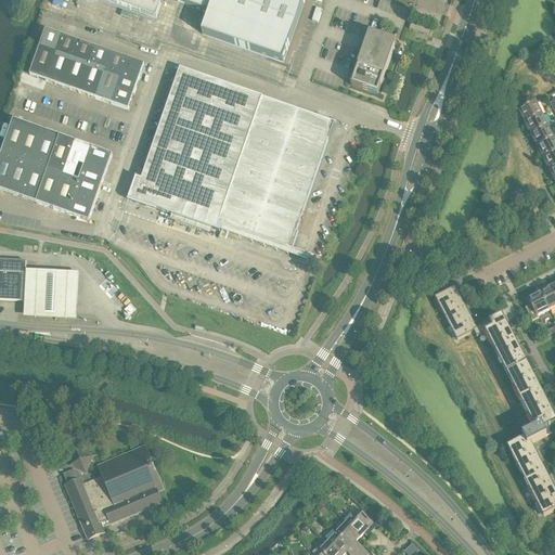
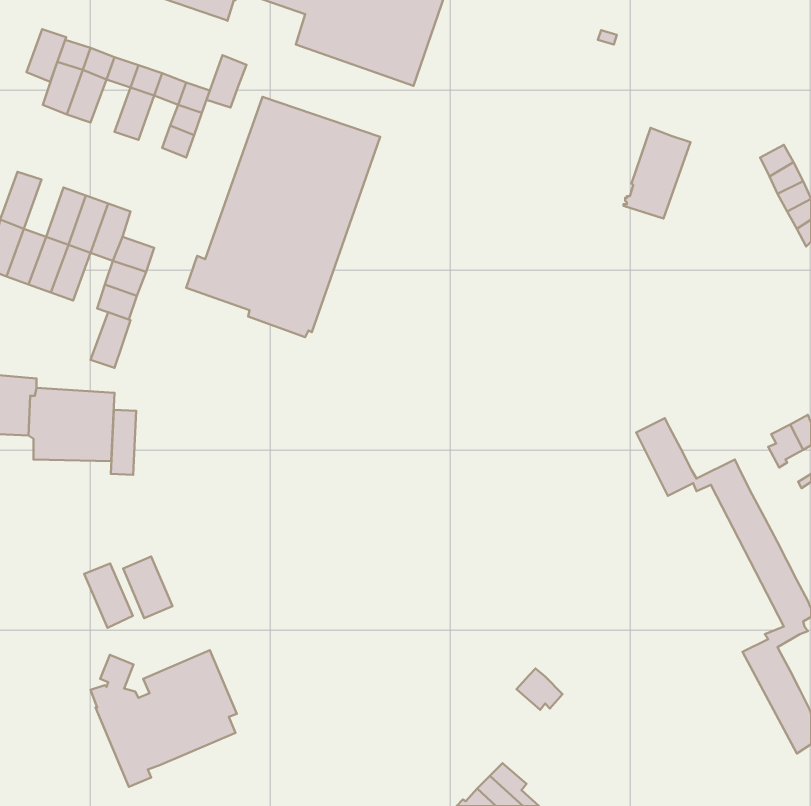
building: [350,29,396,91] -> [624,128,690,218]
building: [62,54,89,90] -> [26,29,66,82]
building: [94,65,121,101] -> [207,55,246,108]
building: [212,93,334,248] -> none
building: [16,122,43,162] -> none
building: [83,144,111,169] -> none
building: [50,172,77,210] -> [91,312,130,368]
building: none -> [111,410,136,475]
building: none -> [123,557,172,618]
building: none -> [84,564,133,628]
building: [343,506,374,534] -> [516,669,563,710]

